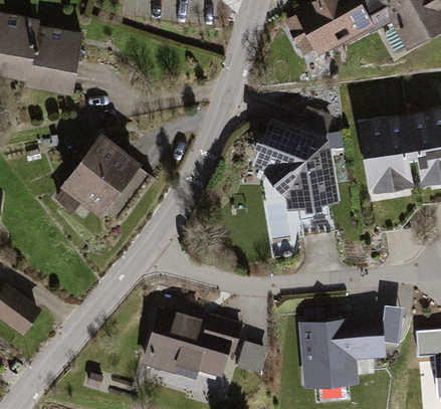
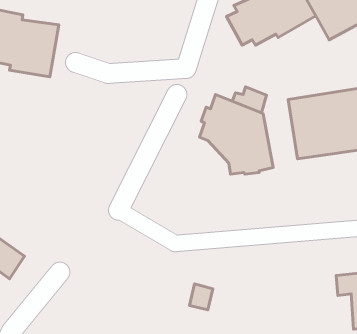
building: [53,134,150,222] -> none
building: [142,306,243,379] -> none
building: [298,316,386,390] -> none

